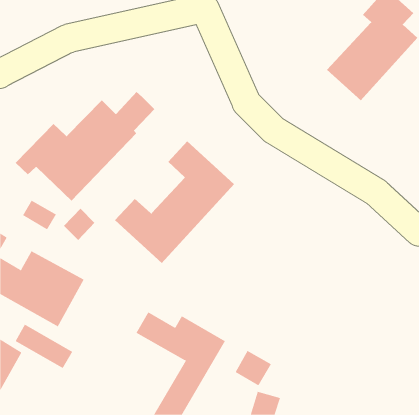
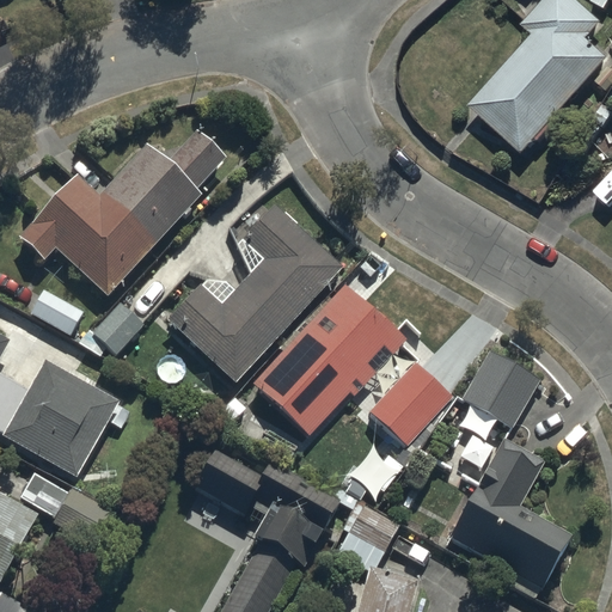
building: none -> [255,289,452,445]
building: none -> [465,353,532,421]
building: none -> [455,447,567,581]

